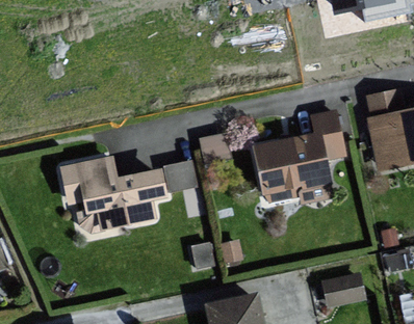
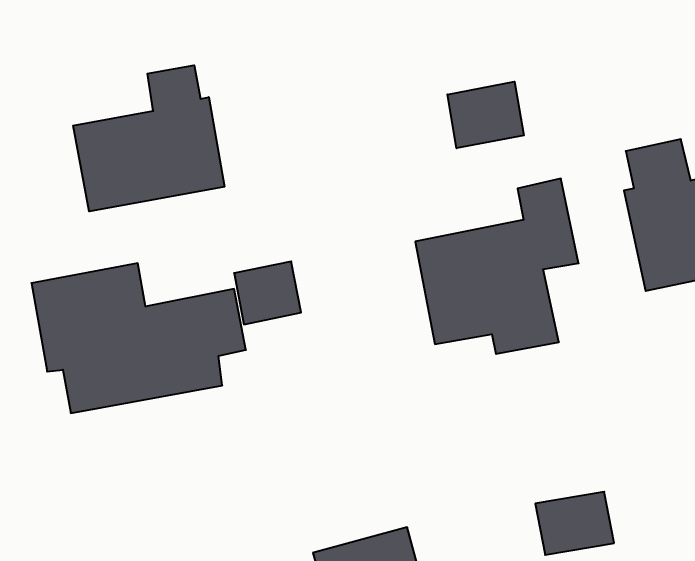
building: none -> [73,65,224,211]
building: none -> [447,82,524,148]

